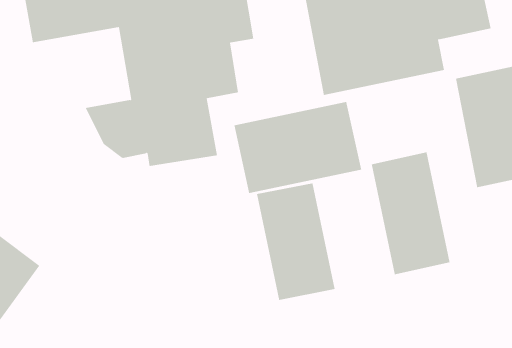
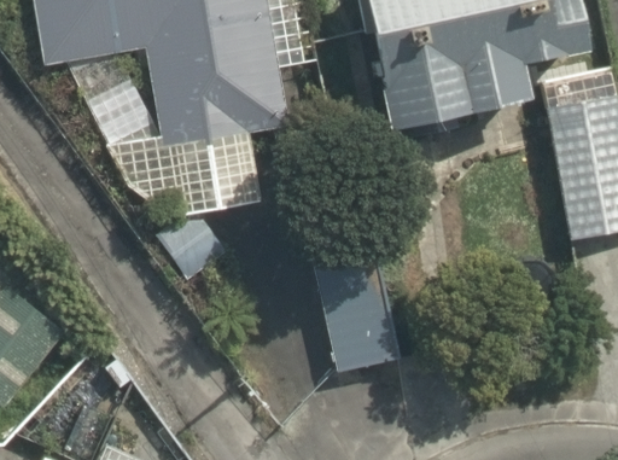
building: [234,101,362,194] -> none
building: [371,152,450,275] -> none

